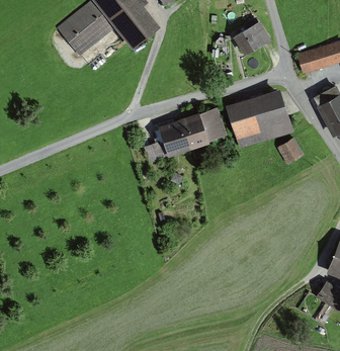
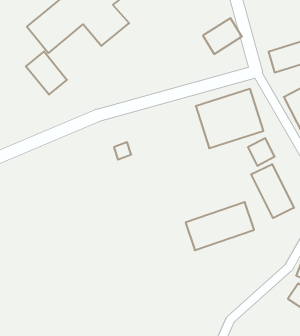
building: none -> [26,51,67,95]
building: [159,108,227,156] -> [186,202,254,250]
building: none -> [251,164,294,218]

